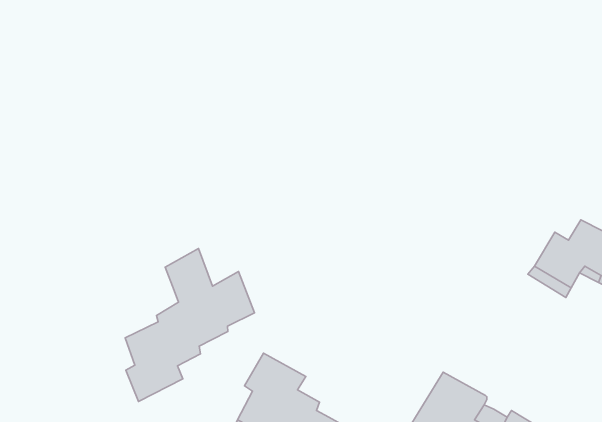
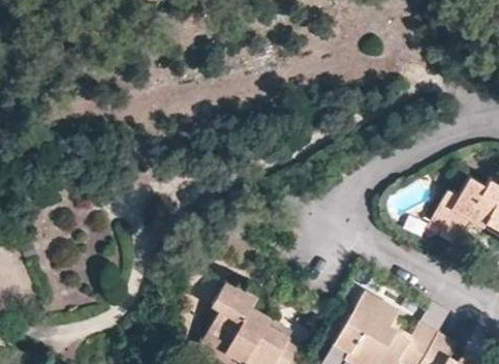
building: [125,249,254,401] -> none

